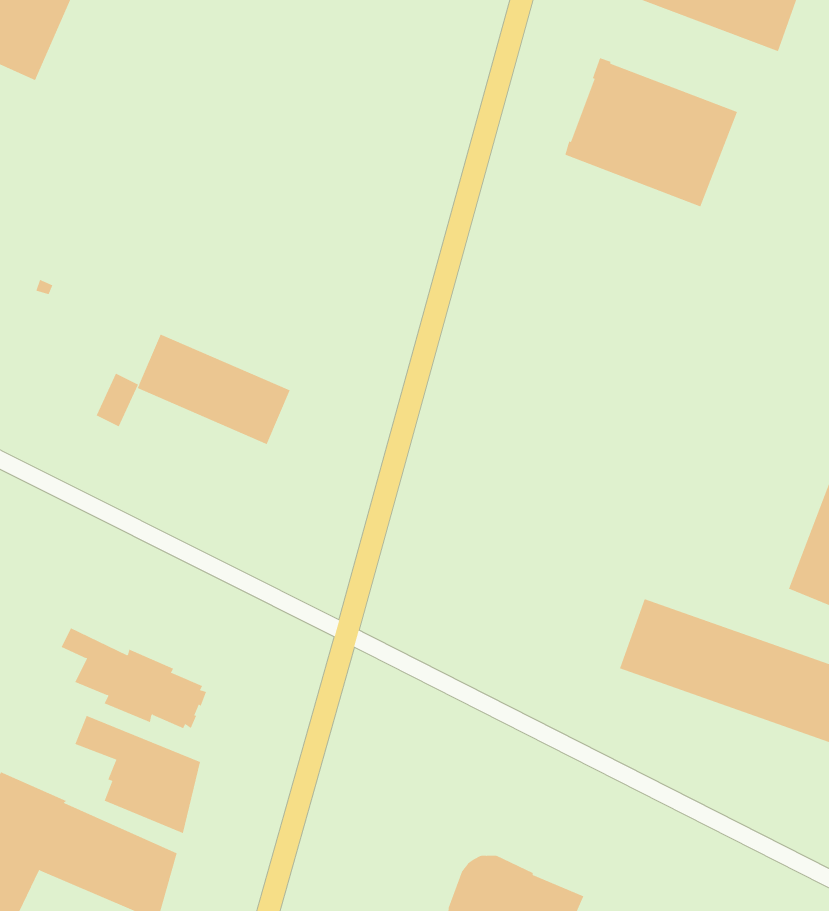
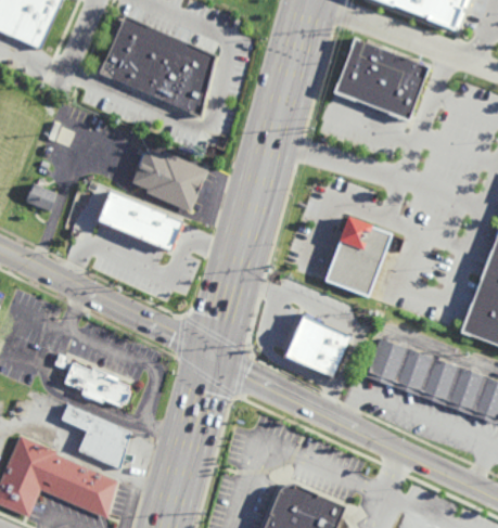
building: none -> [100,15,219,119]
building: none -> [135,150,209,213]
building: none -> [25,183,58,213]
building: none -> [325,218,392,295]
building: none -> [285,315,350,377]

